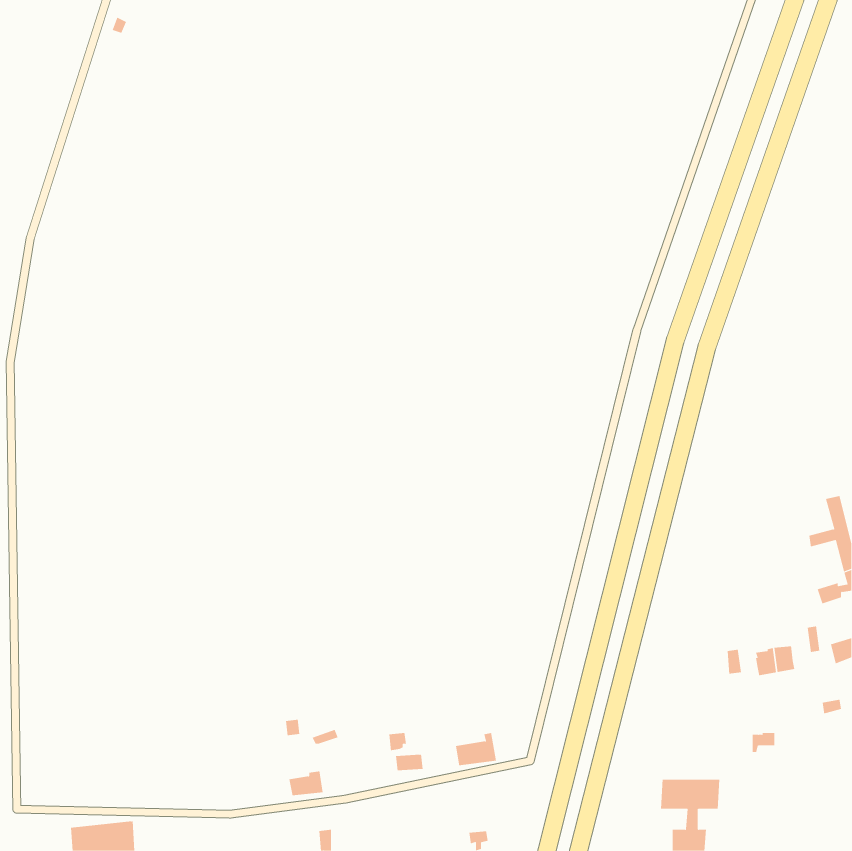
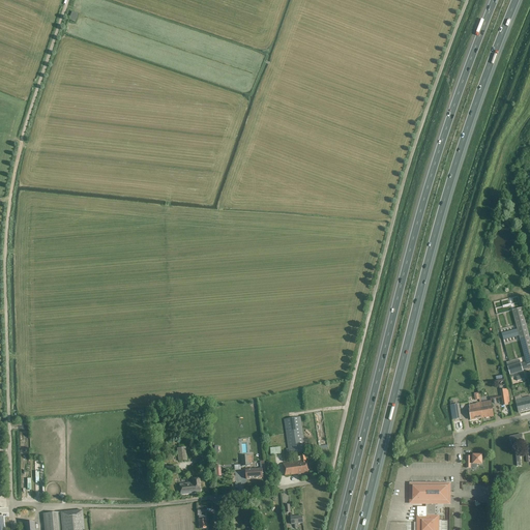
building: none -> [285,416,305,452]

